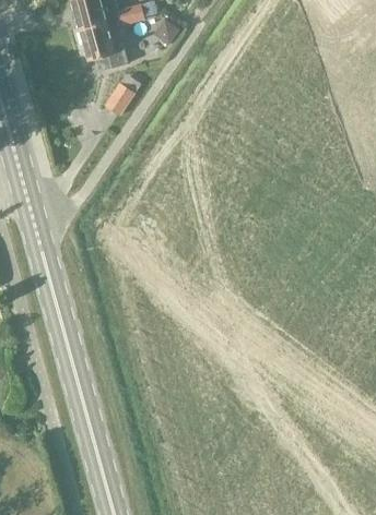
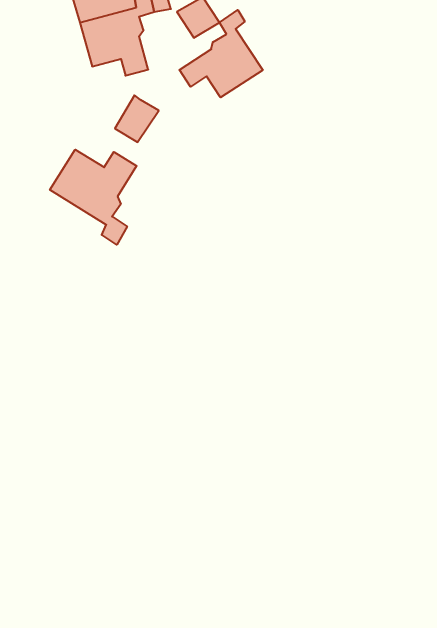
building: none -> [179,10,263,97]
building: none -> [50,150,137,245]

